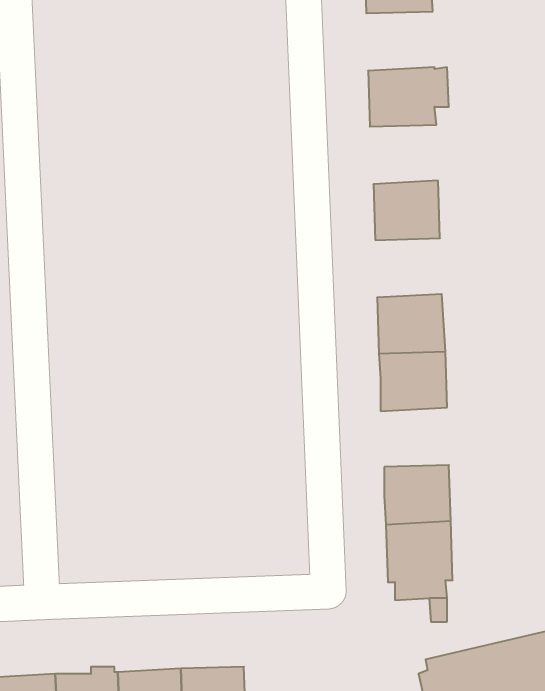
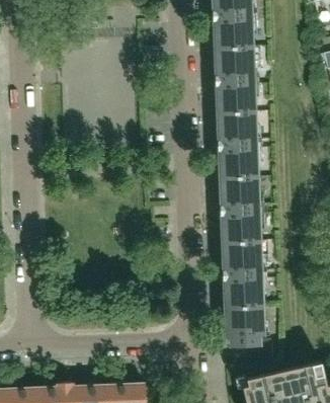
building: none -> [213,14,251,48]
building: none -> [215,78,253,111]
building: none -> [218,142,255,175]
building: none -> [221,237,266,270]

